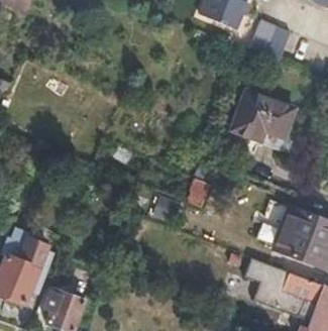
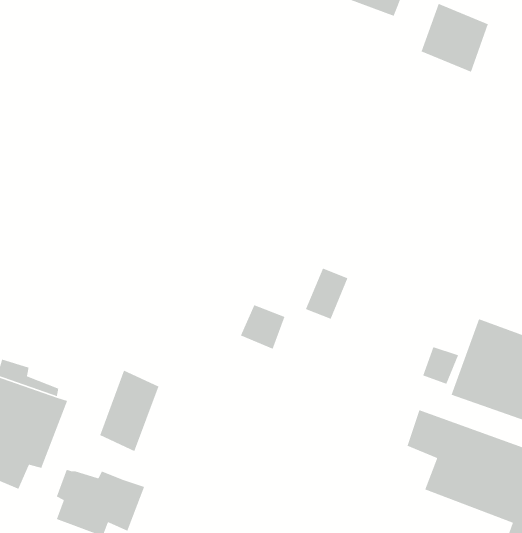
building: [231,89,294,136] -> none
building: none -> [99,369,159,452]

